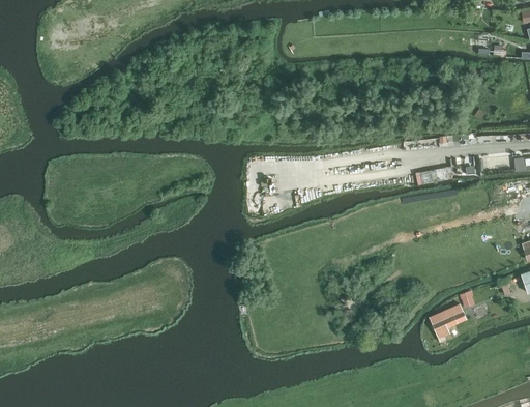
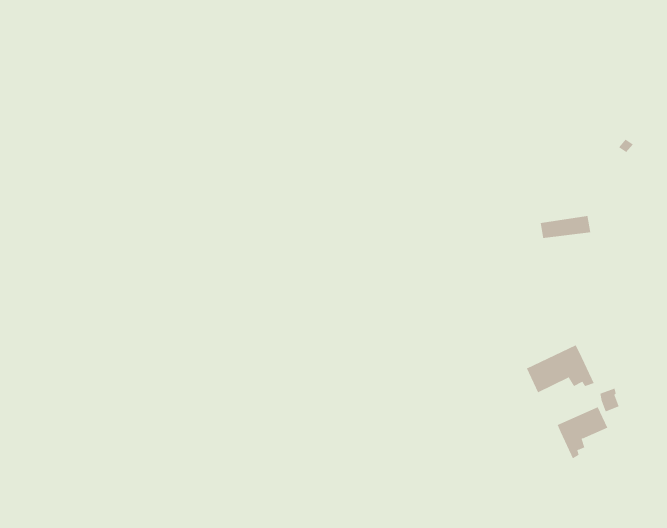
building: none -> [526,344,594,393]

